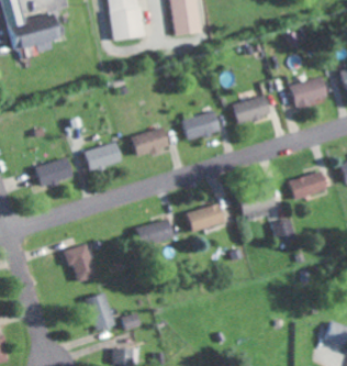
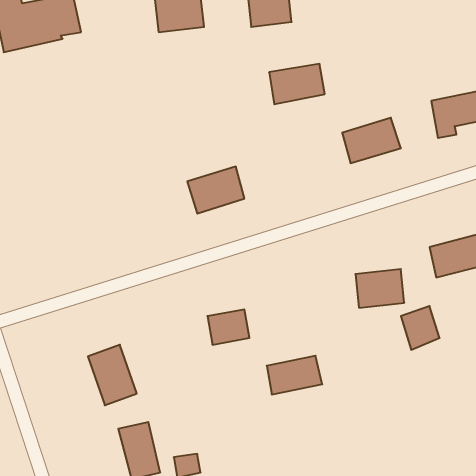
building: [183,112,220,138] -> [269,64,325,104]
building: [86,143,122,169] -> none
building: [35,156,75,187] -> none
building: [189,204,225,230] -> [267,356,322,394]

